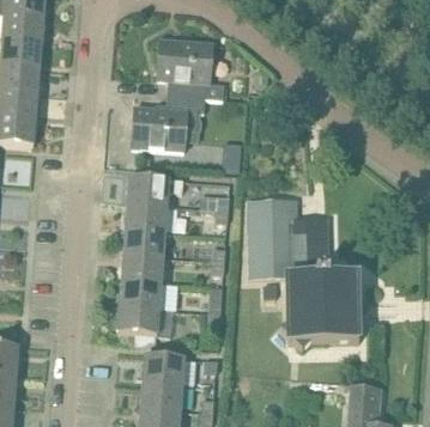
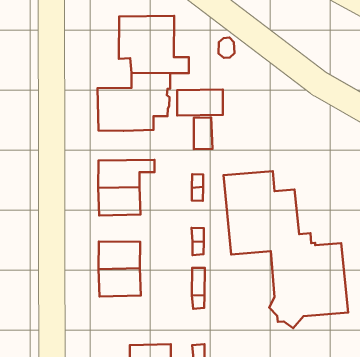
building: none -> [177,90,223,116]
building: [123,227,165,256] -> none
building: [117,305,172,335] -> none

